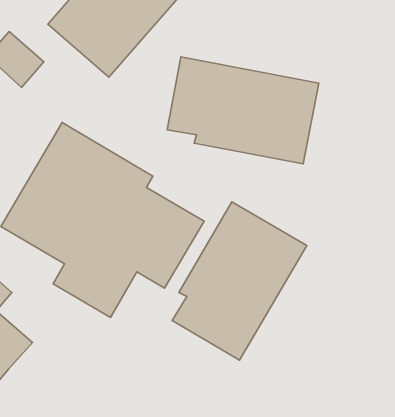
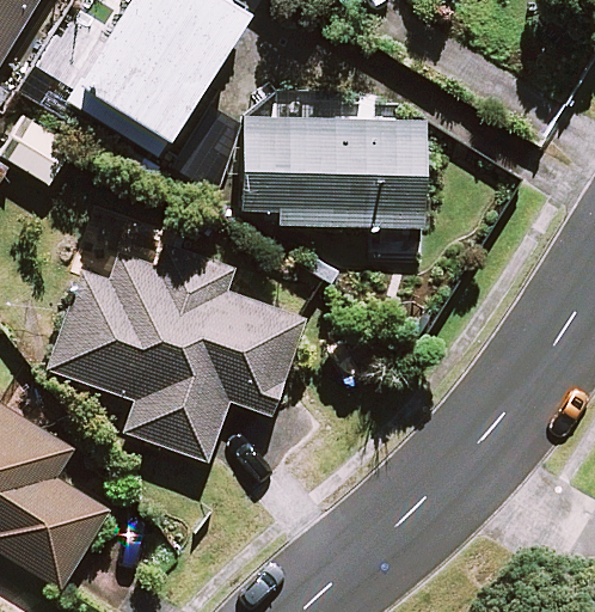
building: [172,202,307,360] -> none

